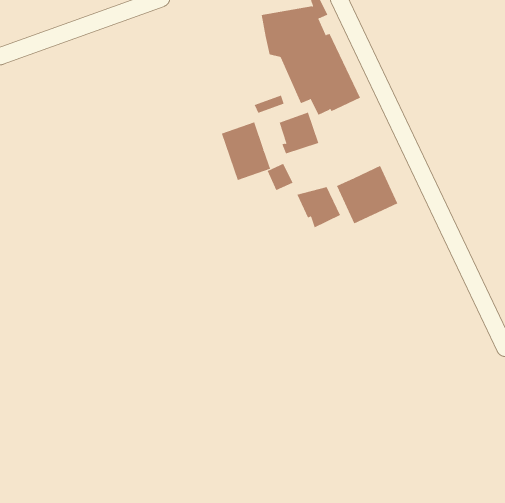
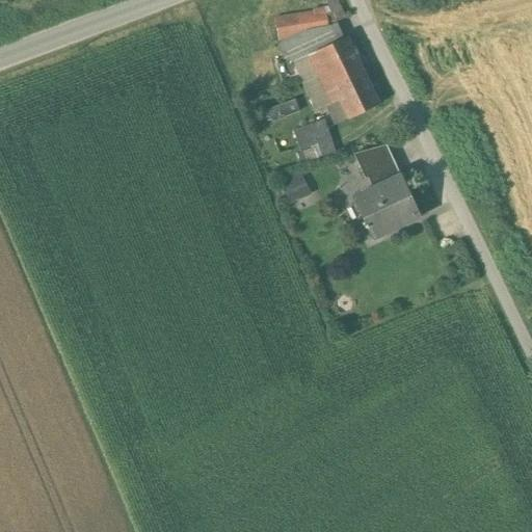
building: [221,121,271,181] -> none
building: [296,187,341,228] -> [353,143,400,187]

